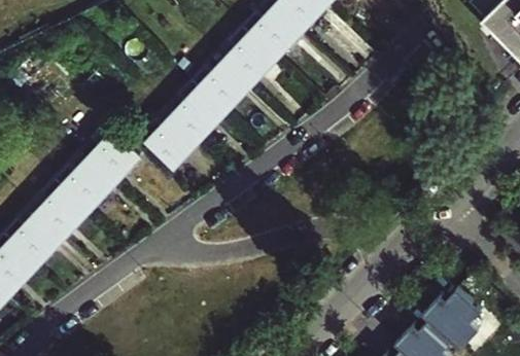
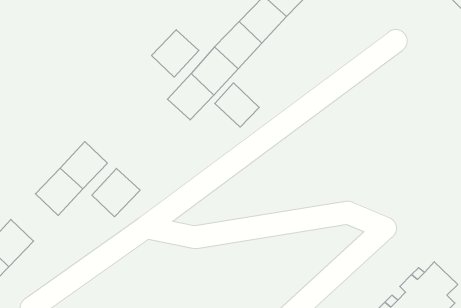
building: none -> [215,83,259,127]
building: [150,118,200,168] -> [152,30,199,77]
building: [90,135,140,185] -> [92,168,140,217]
building: [12,217,62,266] -> none

